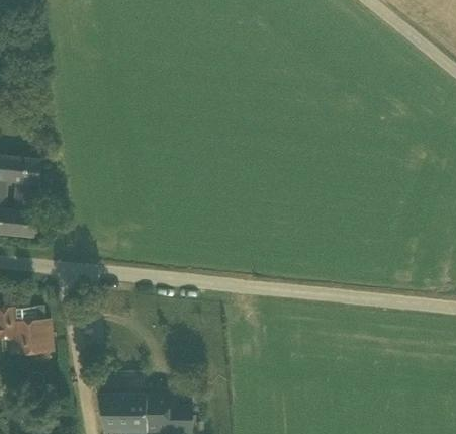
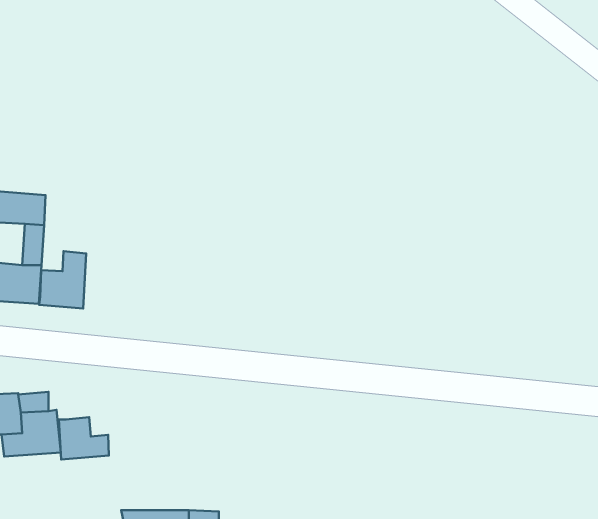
building: none -> [39,251,86,308]
building: none -> [59,417,109,460]

